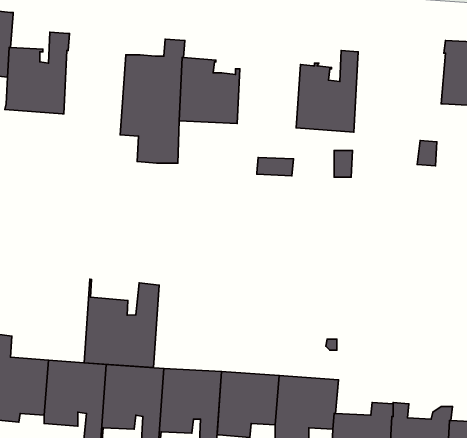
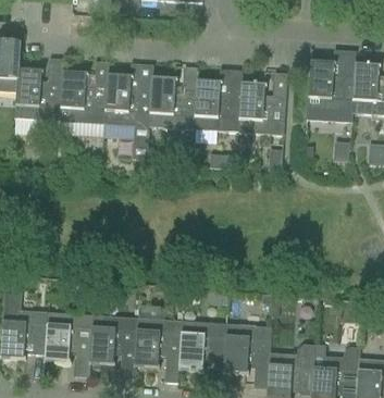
building: none -> [306,50,356,122]
building: none -> [58,61,109,137]
building: none -> [194,70,243,132]
building: [84,279,159,367] -> none

